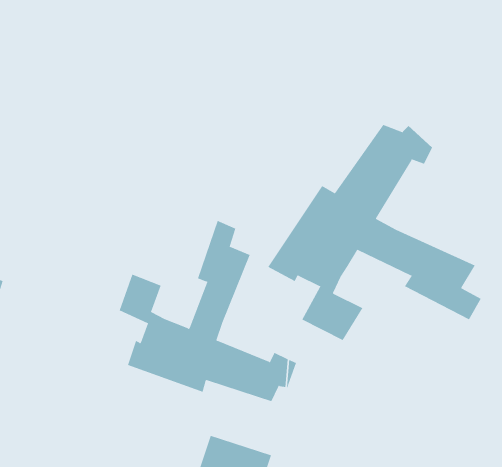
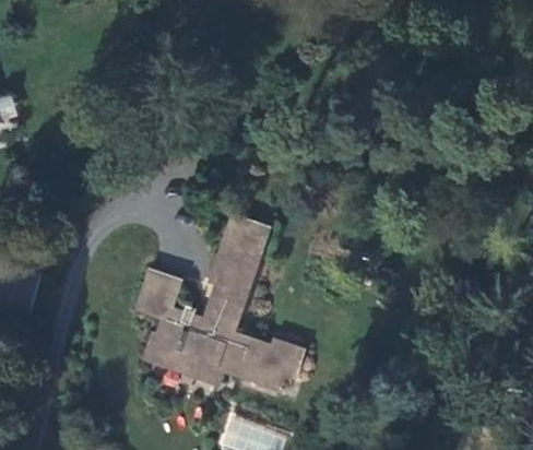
building: [267,124,482,341] -> none

